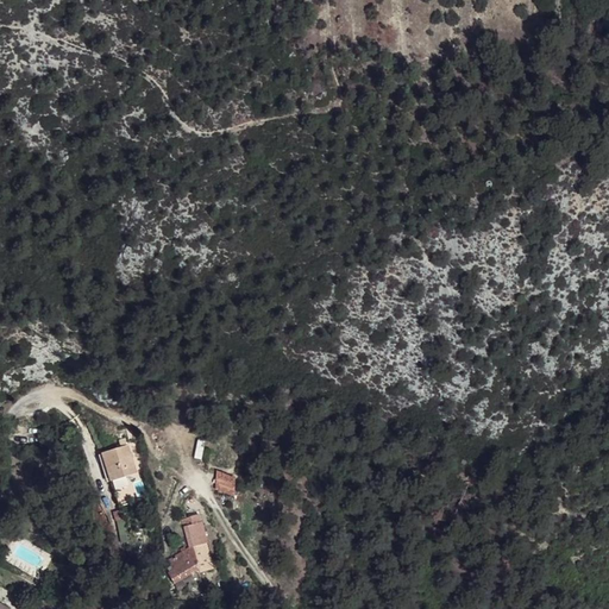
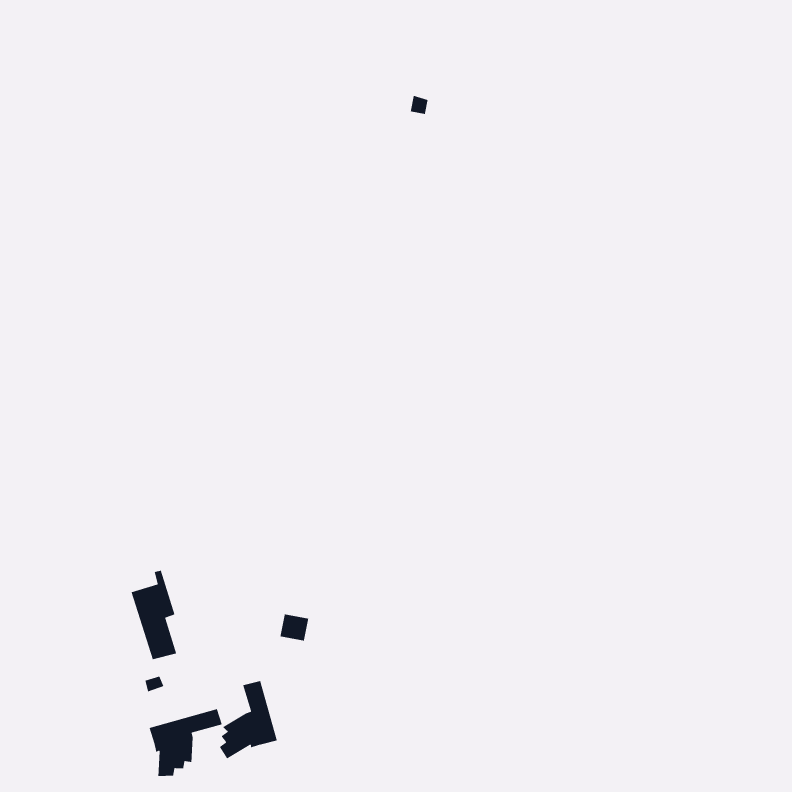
building: none -> [148,708,223,777]

